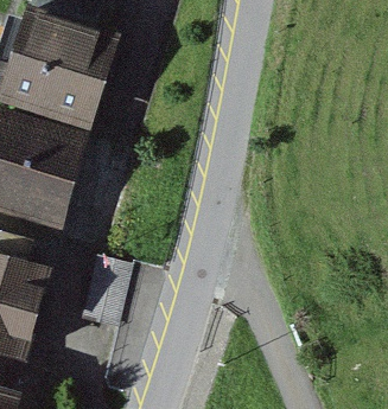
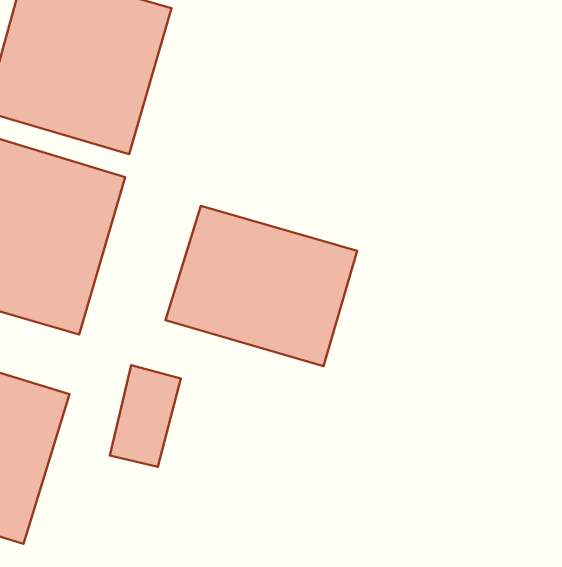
building: none -> [165,206,357,366]

